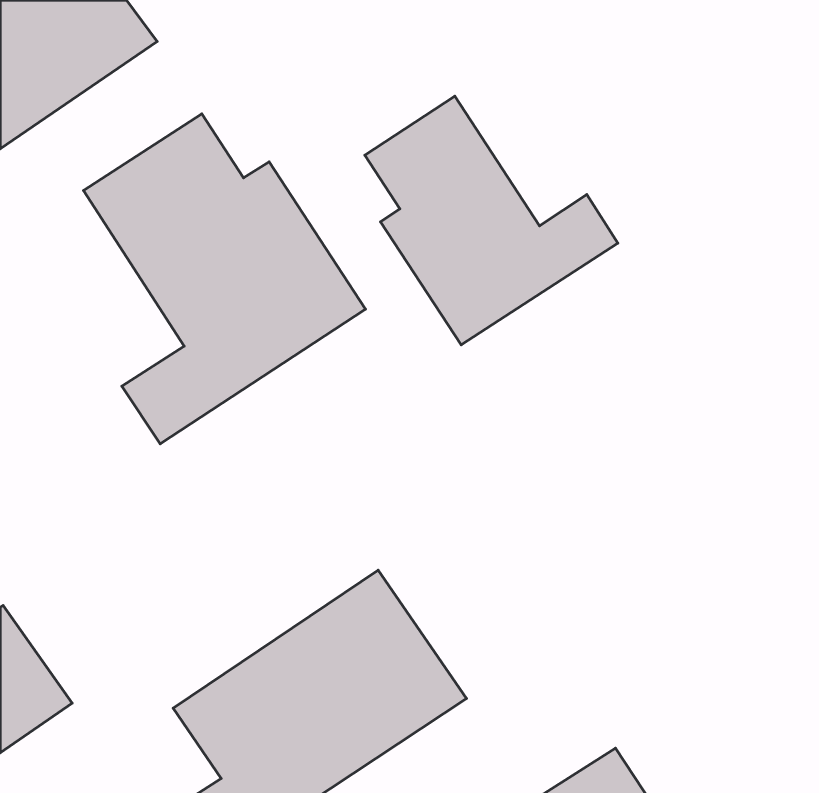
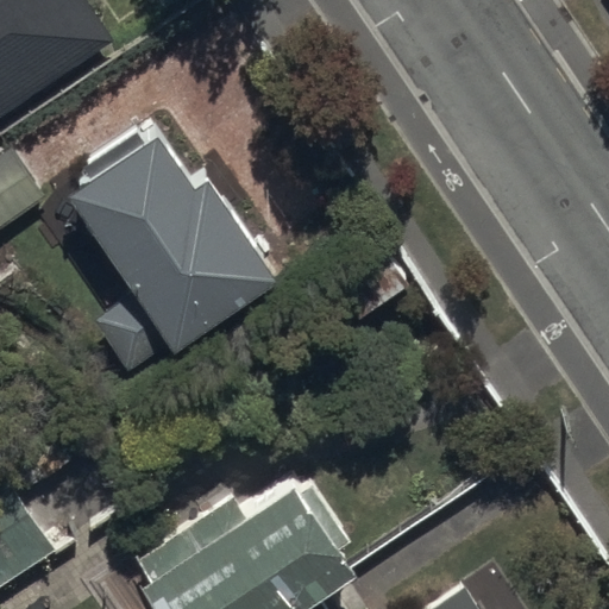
building: [365,96,618,345] -> none

